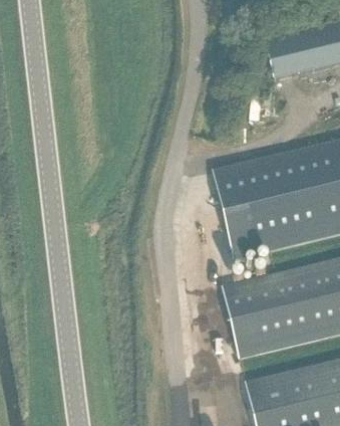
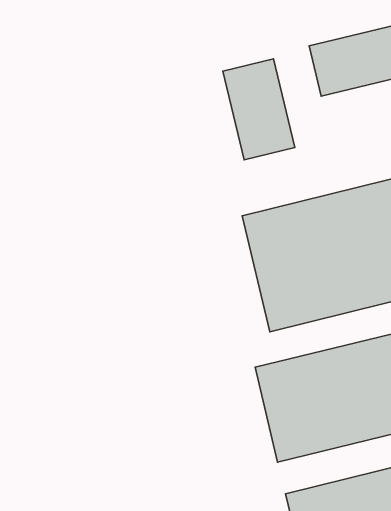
building: none -> [223,59,295,160]

